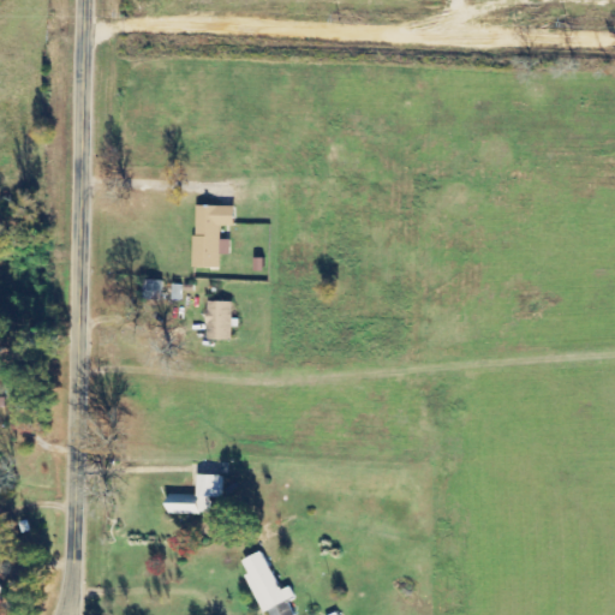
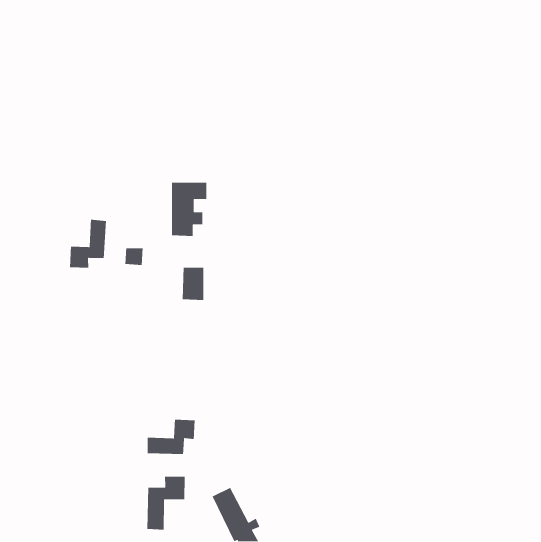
building: none -> [69,219,107,269]
building: none -> [146,476,185,530]

